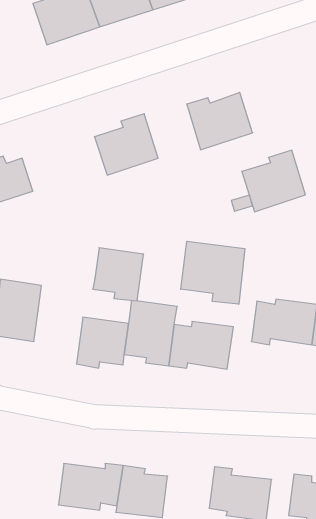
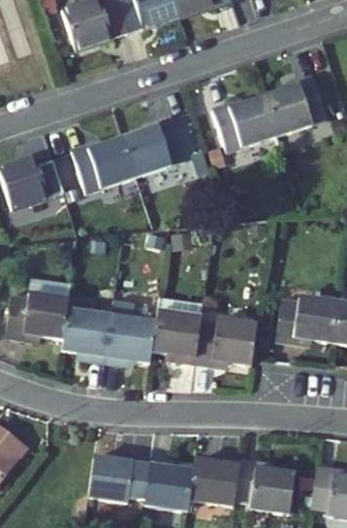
building: none -> [71,138,135,191]
building: [242,150,305,212] -> [264,74,326,134]
building: [181,241,245,304] -> none
building: [93,248,144,301] -> [62,308,112,360]
building: none -> [190,457,240,505]

